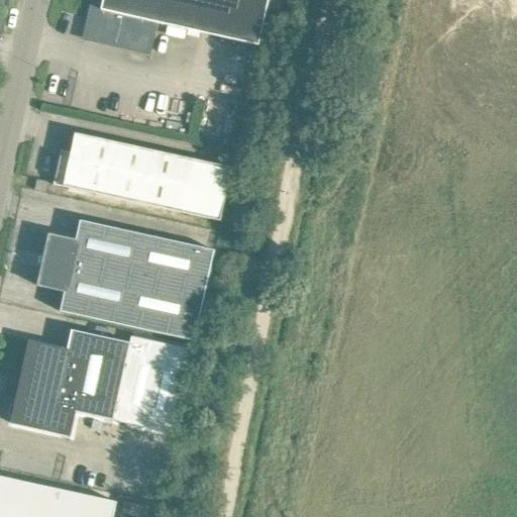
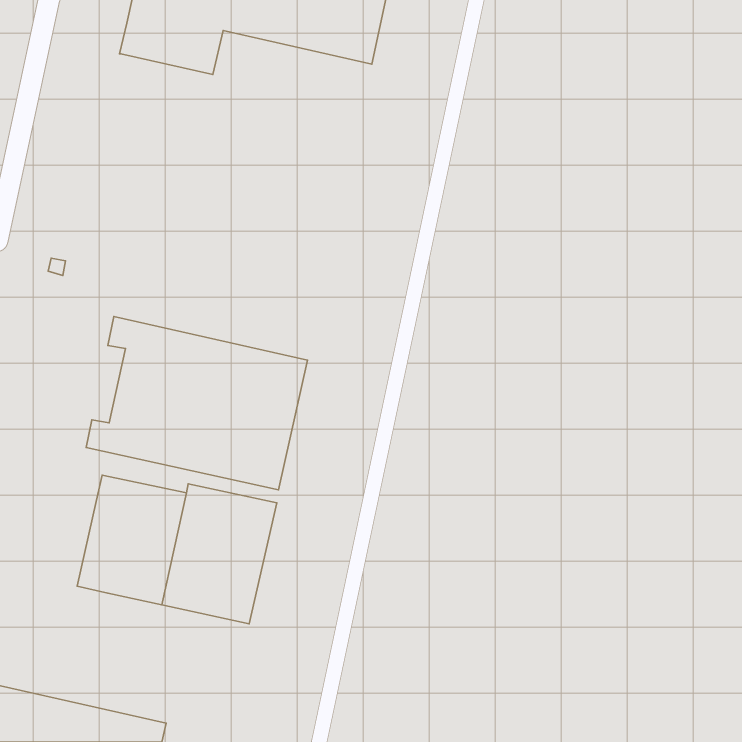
building: [53,132,231,220] -> none
building: [37,233,87,293] -> none
building: [7,339,75,435] -> none

